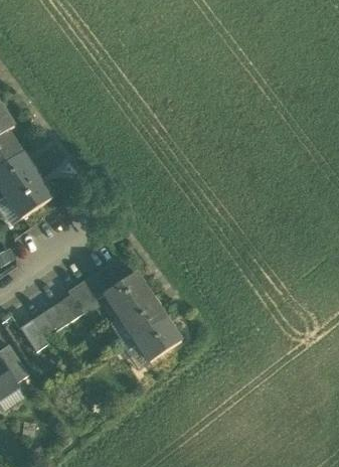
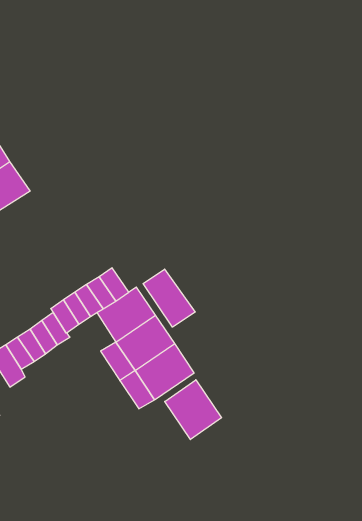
building: none -> [143,269,195,327]
building: none -> [165,380,222,440]

